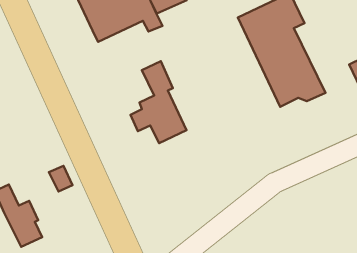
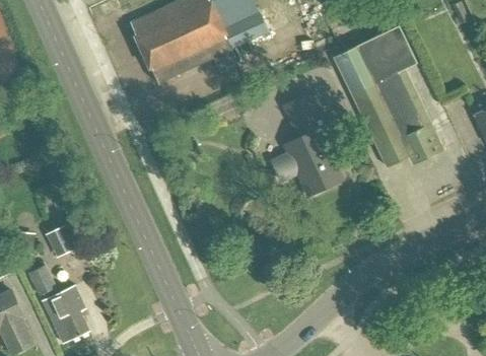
building: [131,61,187,143] -> [273,92,343,195]
building: [49,166,72,192] -> [44,226,73,259]

